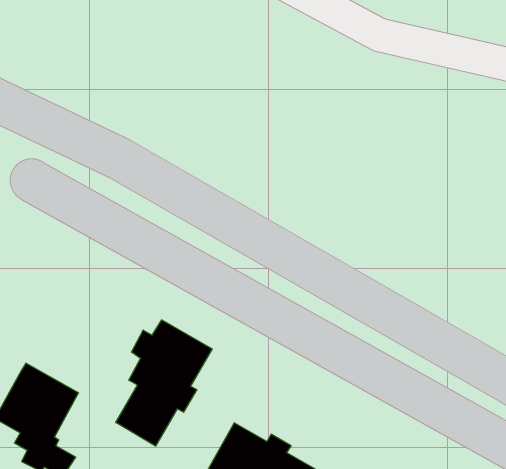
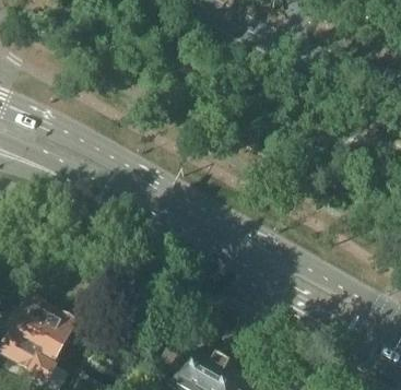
building: [116,320,212,446] -> none

